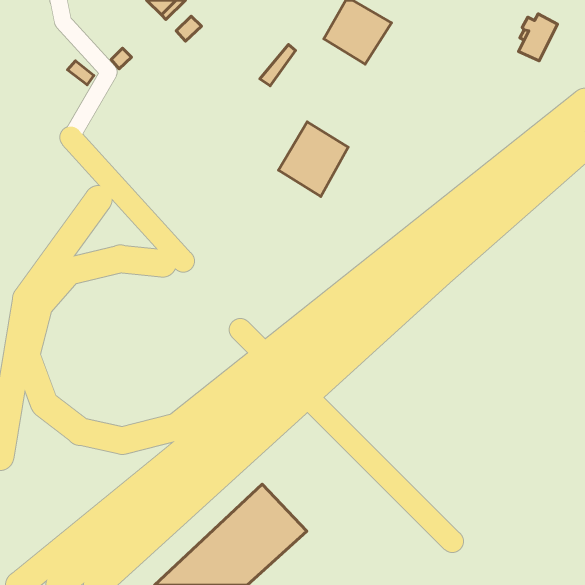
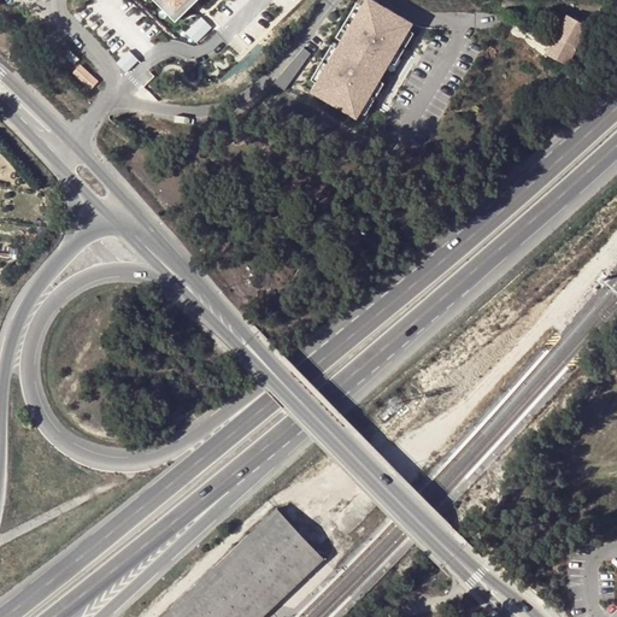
building: [278,122,348,196] -> [311,41,384,119]

